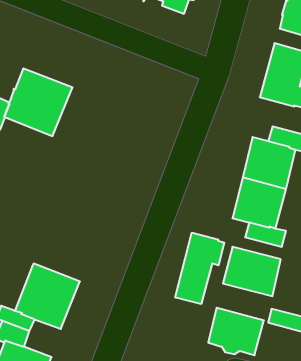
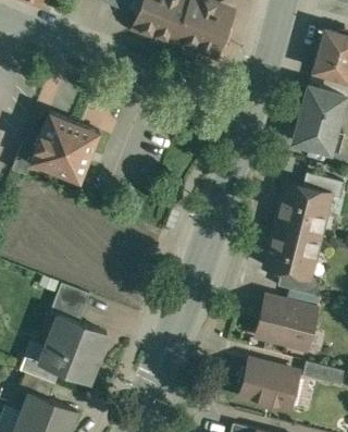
building: [175,233,224,304] -> none
building: none -> [50,283,90,322]

